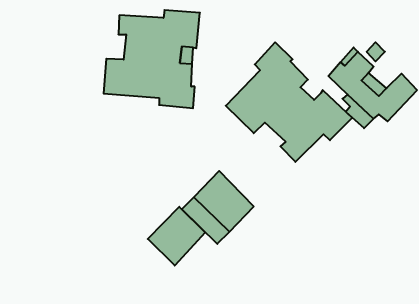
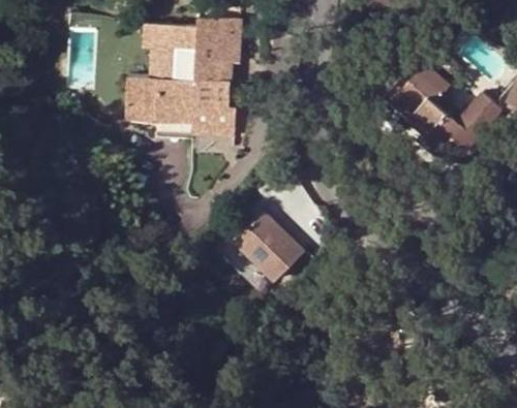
building: [226,42,352,162] -> none
building: [148,207,205,266] -> none

